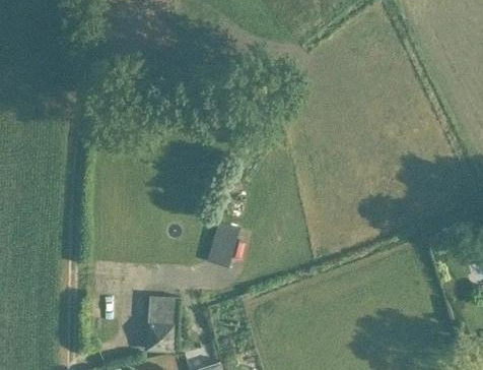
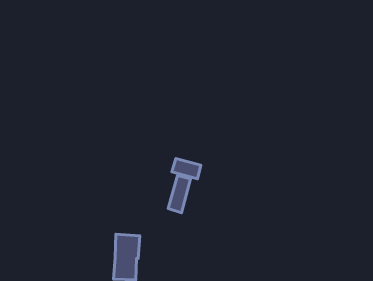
building: none -> [172,159,201,179]

